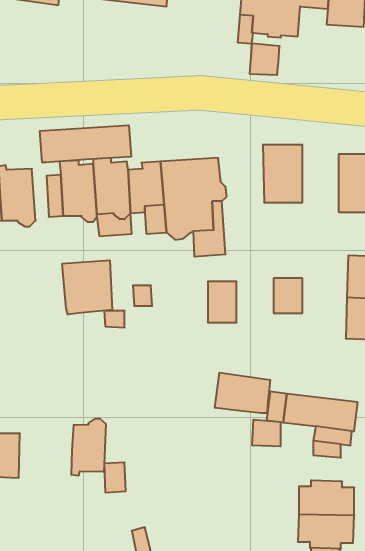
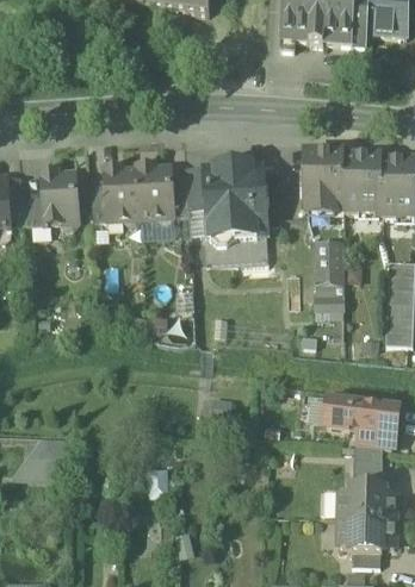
building: [250,44,280,75] -> [339,12,368,43]
building: [40,125,131,163] -> none
building: none -> [343,154,379,211]
building: [62,260,112,315] -> none
building: [208,282,237,322] -> [315,241,343,281]
building: [215,373,270,413] -> none
building: [72,419,106,476] -> none
building: [252,420,281,446] -> [353,456,382,482]

